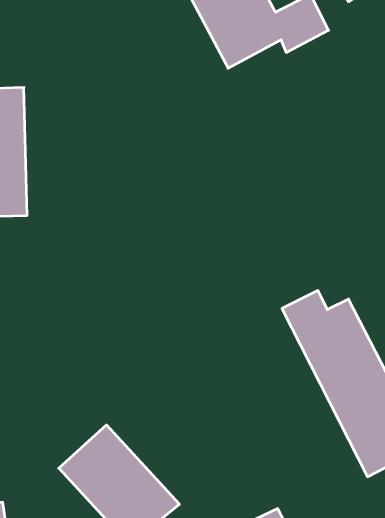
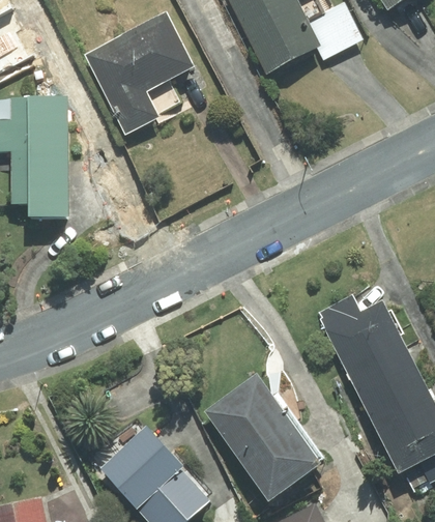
building: none -> [85,13,207,138]
building: none -> [203,372,326,506]

